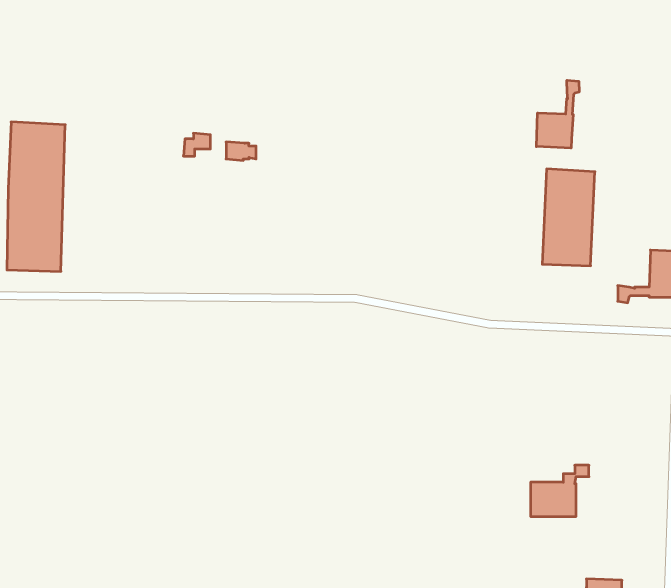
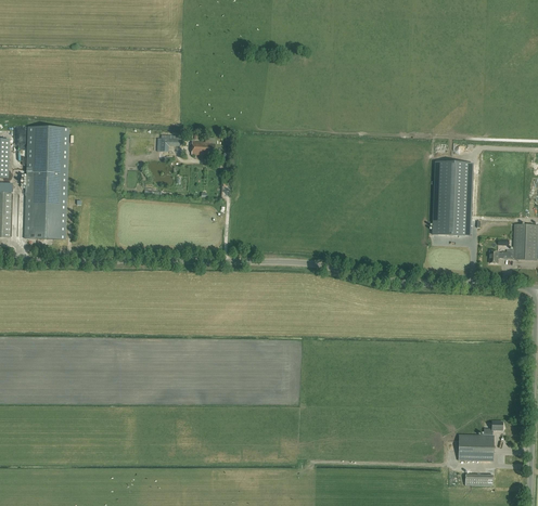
building: [536,80,579,148] -> none
building: [531,465,589,516] -> [457,421,501,460]

